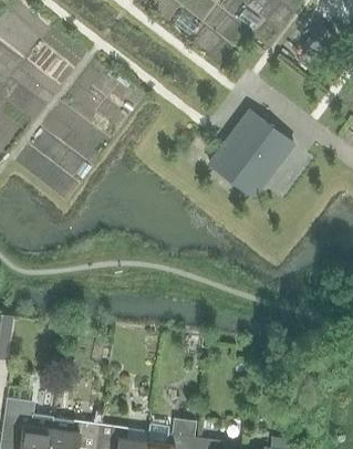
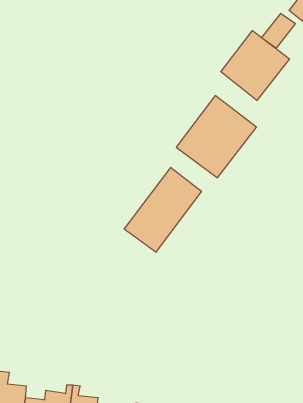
building: none -> [221,31,289,100]
building: none -> [124,167,201,252]

